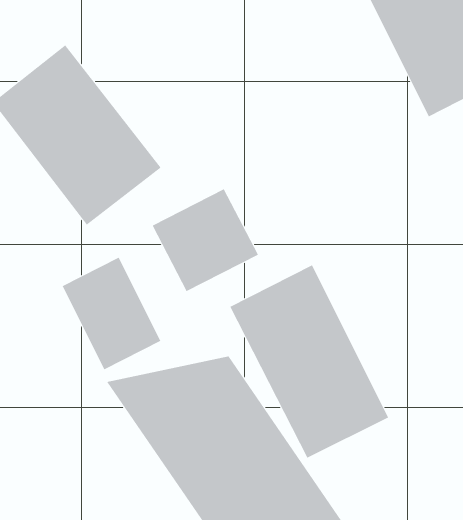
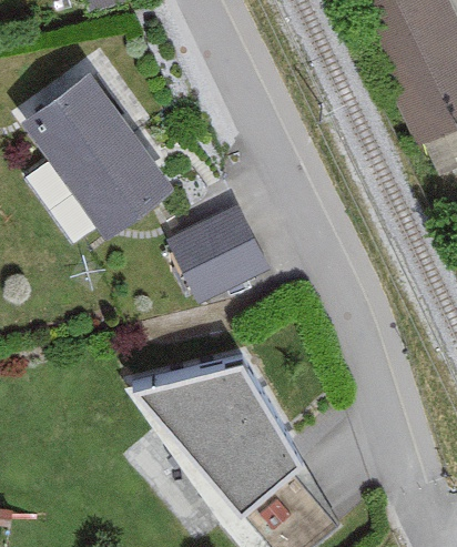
building: [62,257,161,370] -> none
building: [230,265,389,458] -> none

